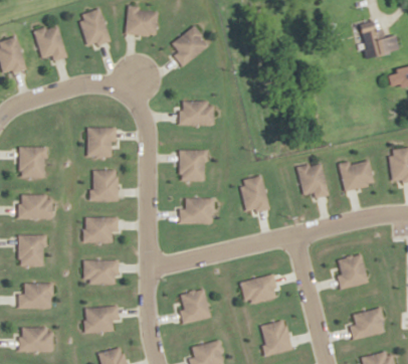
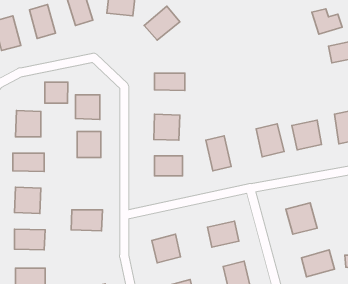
building: none -> [45,82,68,103]
building: [84,218,119,242] -> none
building: [83,307,120,333] -> none

